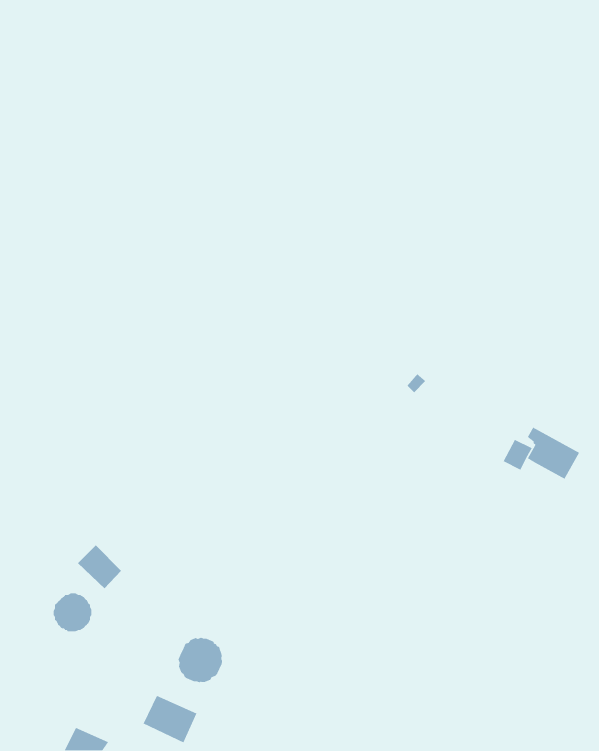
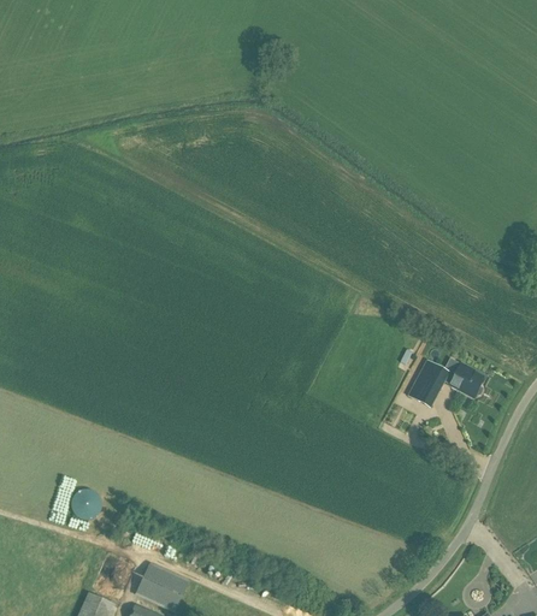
building: [77,544,122,589] -> none
building: [178,637,223,683] -> none

